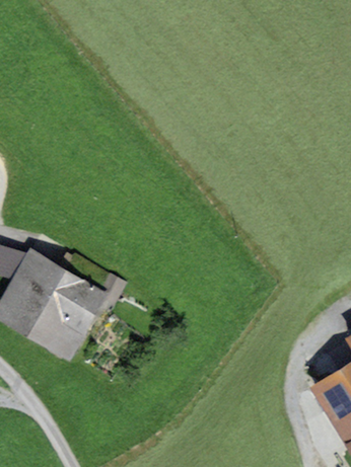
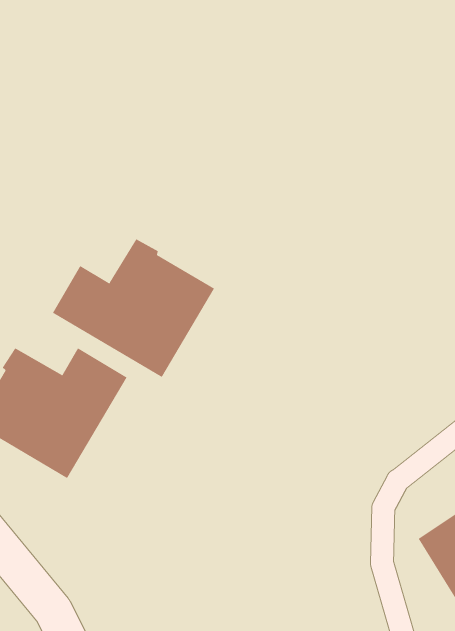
building: none -> [52,238,215,378]

